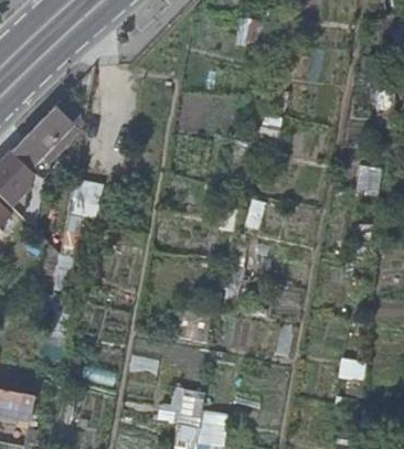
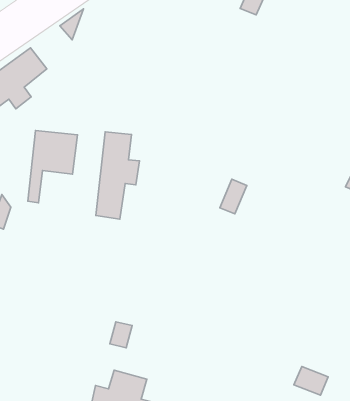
building: none -> [96,132,139,219]

